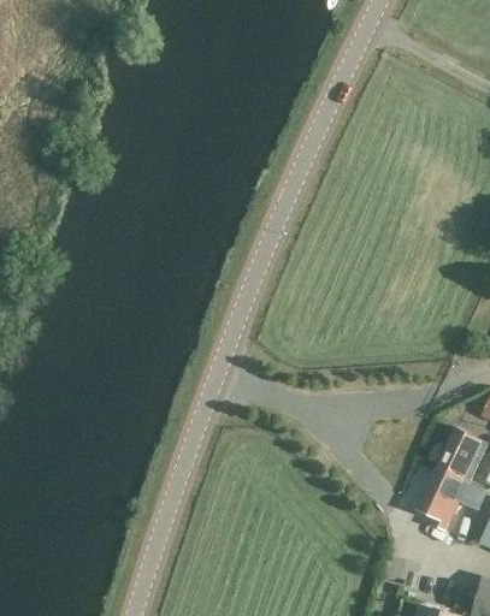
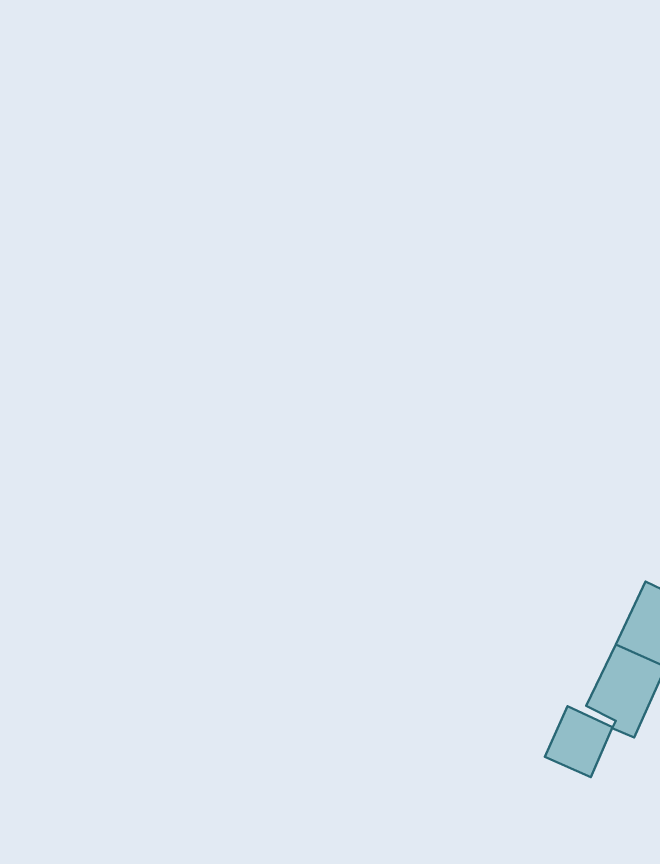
building: none -> [545,706,612,777]

